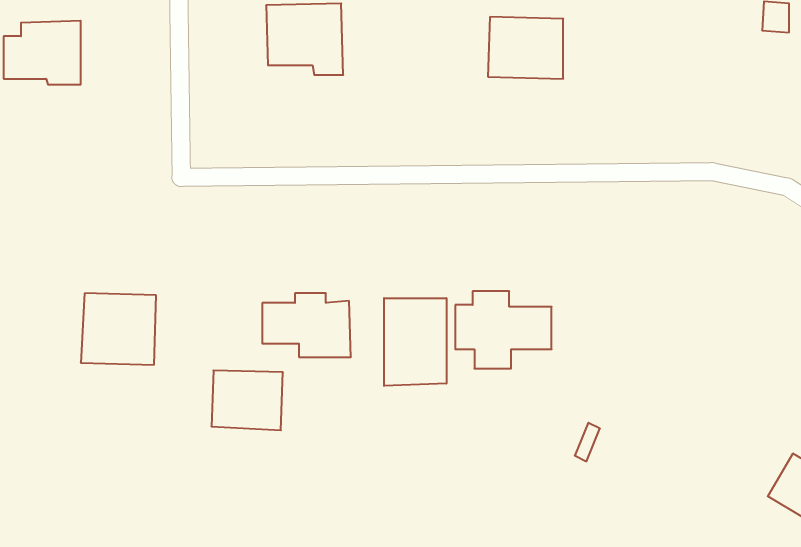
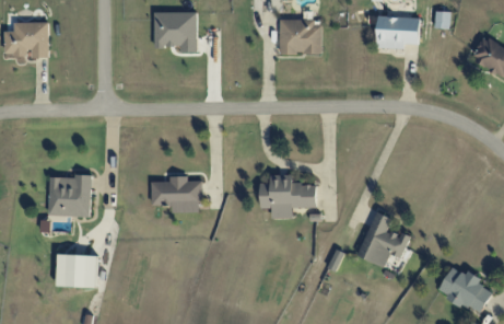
building: none -> [376,16,420,49]
building: [384,298,446,386] -> none
building: none -> [358,211,410,267]
building: [211,370,283,430] -> [57,254,97,288]

